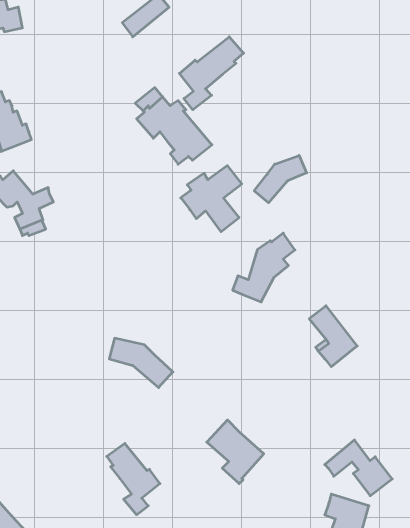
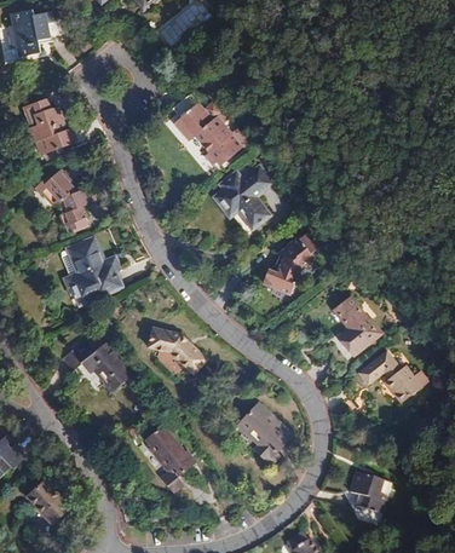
building: [179,37,244,110] -> none
building: [254,155,307,203] -> none
building: none -> [64,237,121,304]
building: none -> [62,340,133,391]
building: [325,440,392,496] -> [358,350,421,402]

